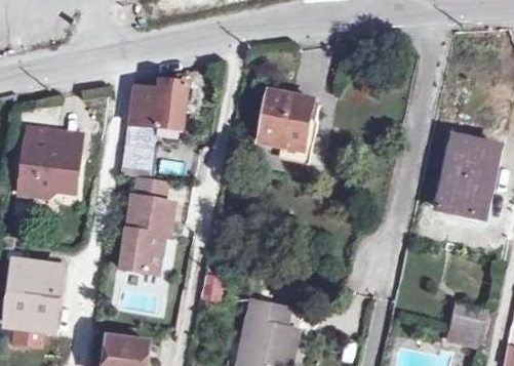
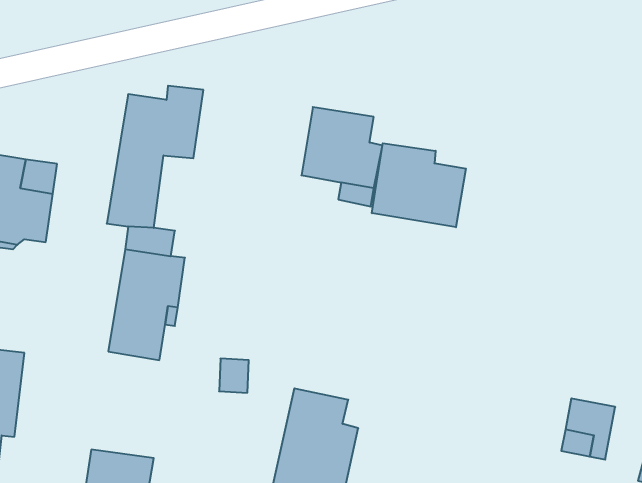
building: none -> [372,143,466,227]
building: [436,134,498,215] -> none

